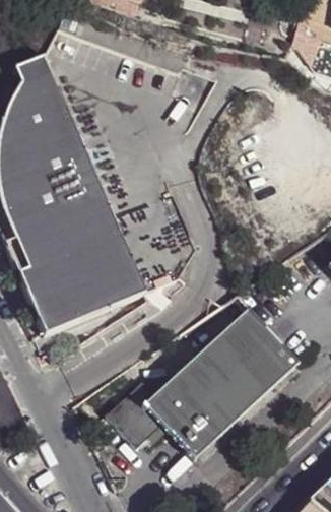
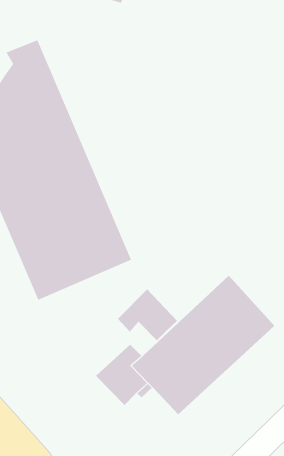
building: none -> [117,289,178,341]

